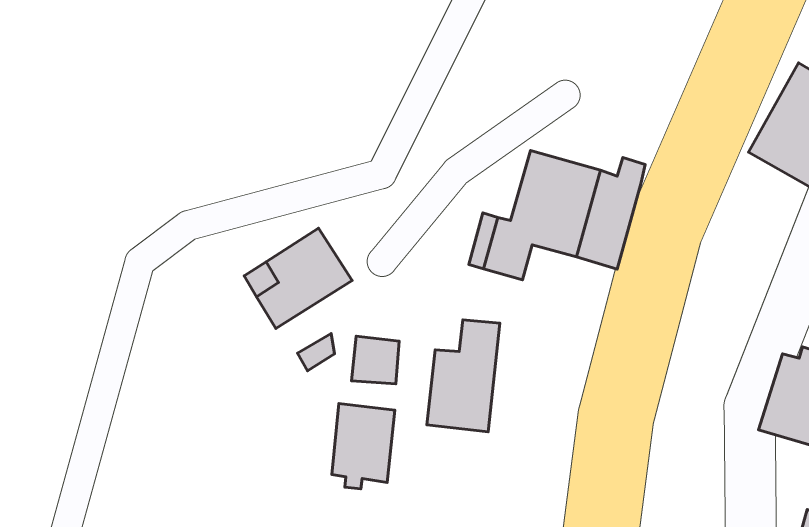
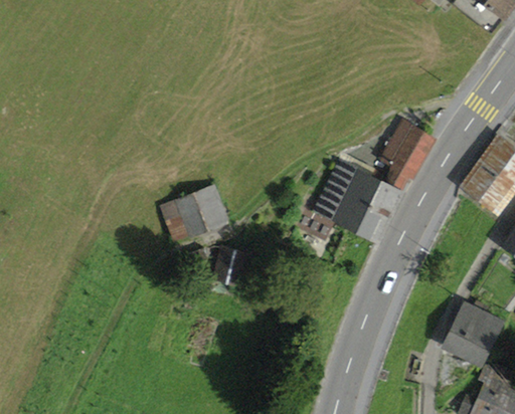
building: none -> [381,121,435,182]
building: [427,320,500,432] -> none
building: [332,404,395,489] -> none

